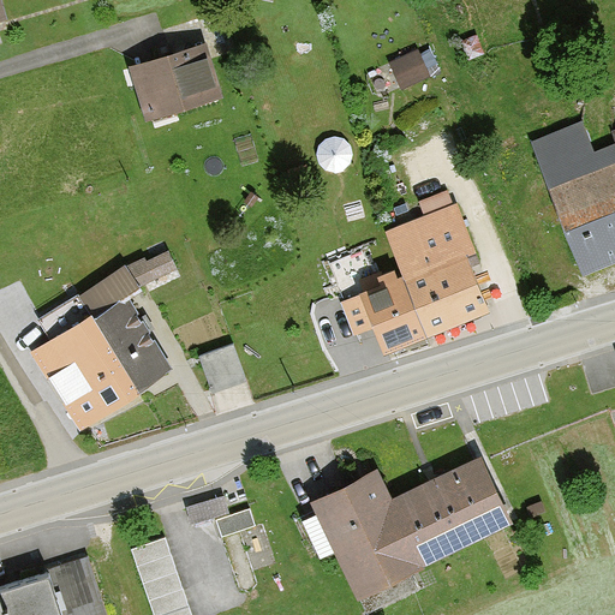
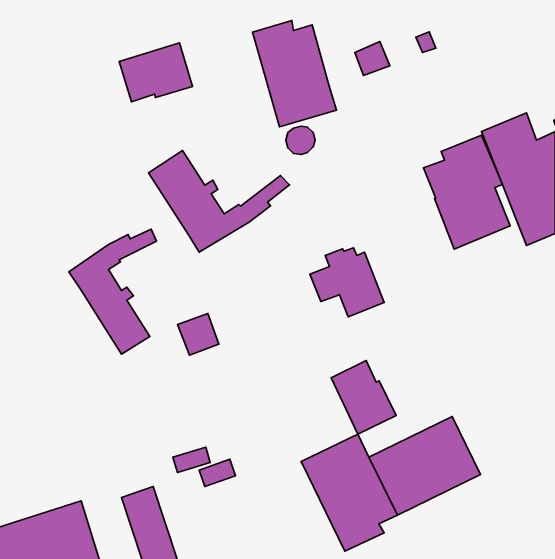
building: none -> [253,20,336,127]
building: none -> [148,150,289,252]
building: [388,208,483,333] -> [424,135,510,249]
building: [32,317,133,424] -> none
building: none -> [331,360,396,434]

